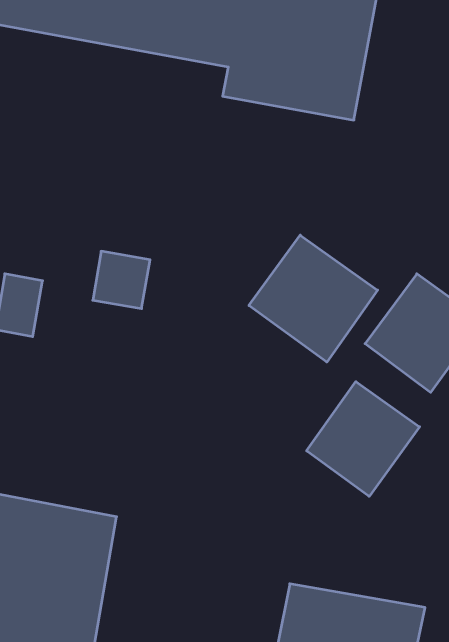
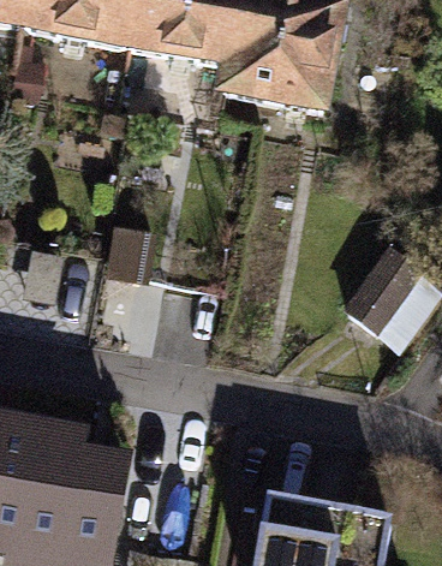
building: [249,235,378,362] -> none
building: [307,382,420,496] -> none

